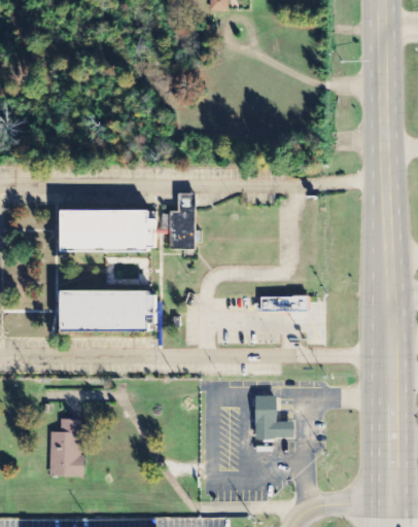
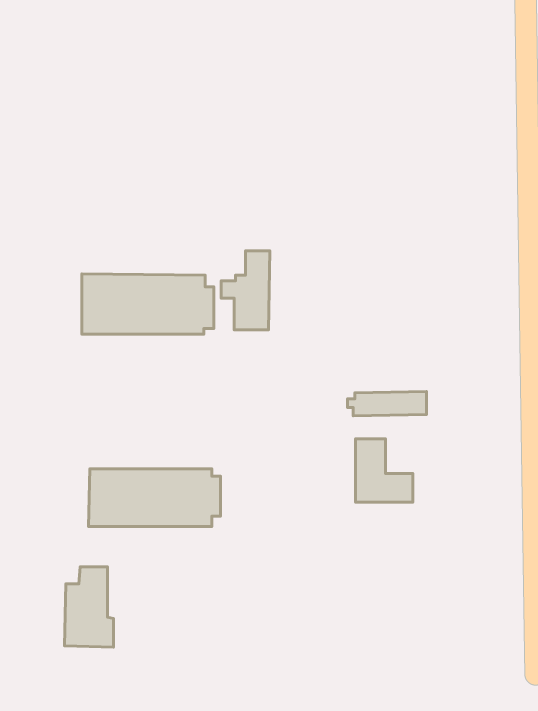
building: [60,290,154,331] -> [88,469,221,526]
building: [254,392,295,437] -> [355,439,413,502]

